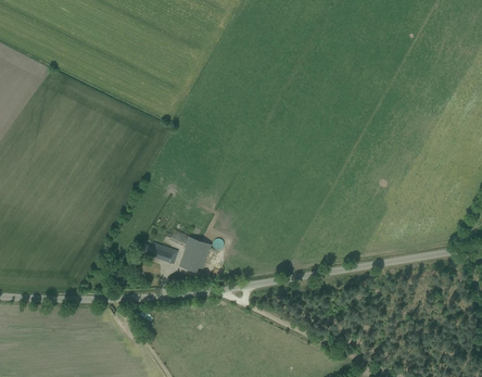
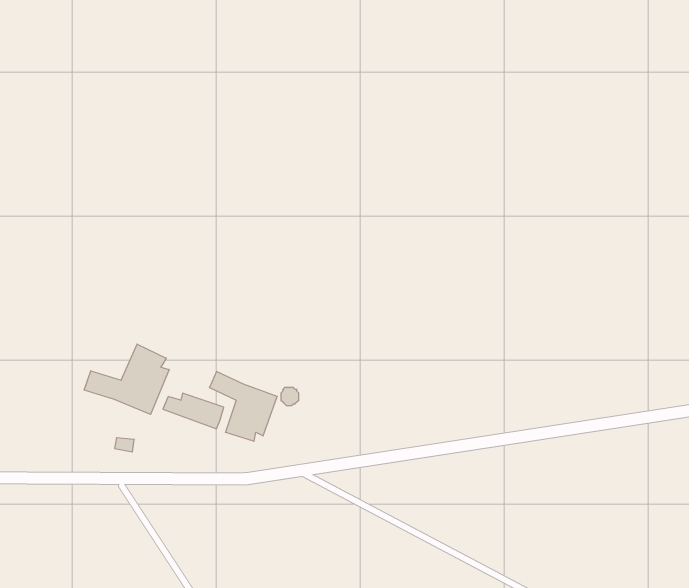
building: none -> [84,344,169,414]

